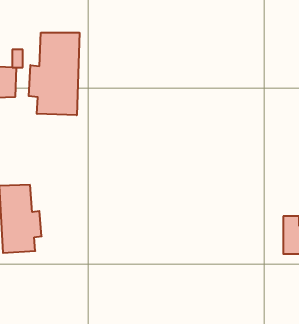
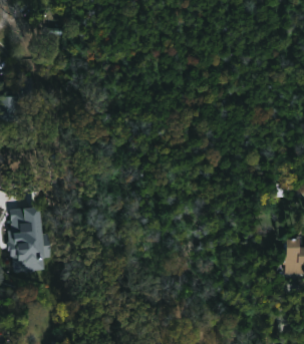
building: [29,33,79,115] -> none

